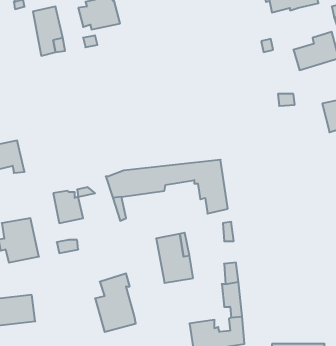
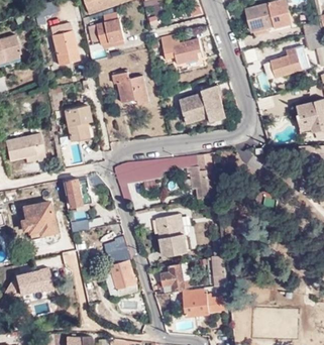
building: none -> [159,34,201,64]
building: none -> [108,72,147,104]
building: none -> [182,86,226,124]
building: none -> [63,107,89,142]
building: none -> [101,235,129,256]
building: none -> [159,264,183,292]

